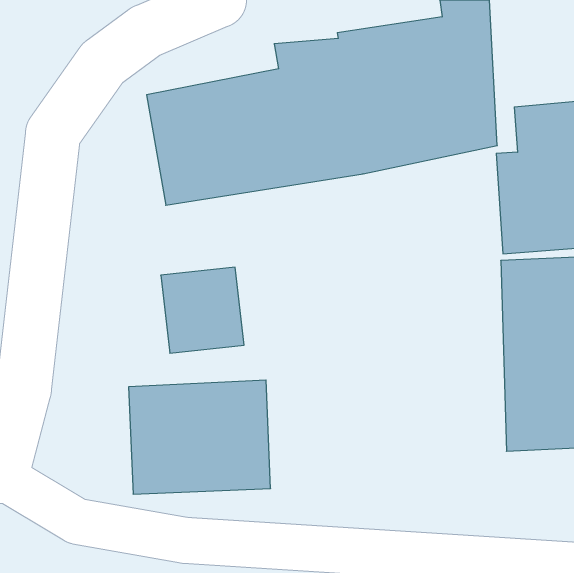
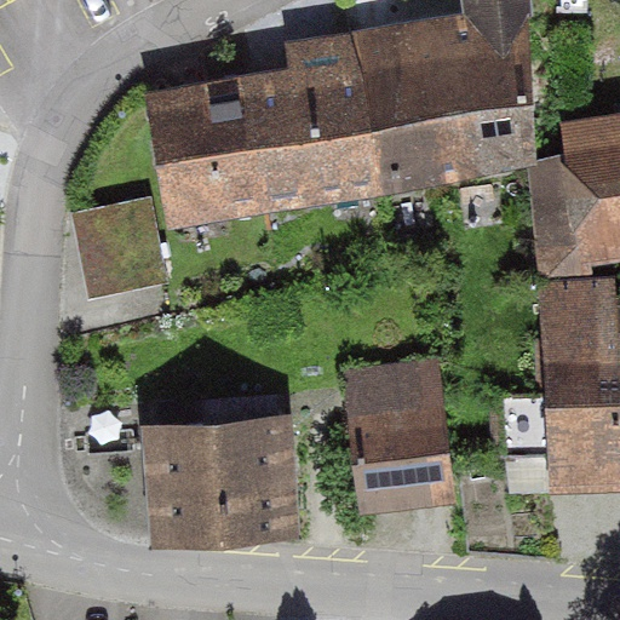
building: [161,267,244,353] -> [87,196,177,288]
building: none -> [339,358,449,509]

